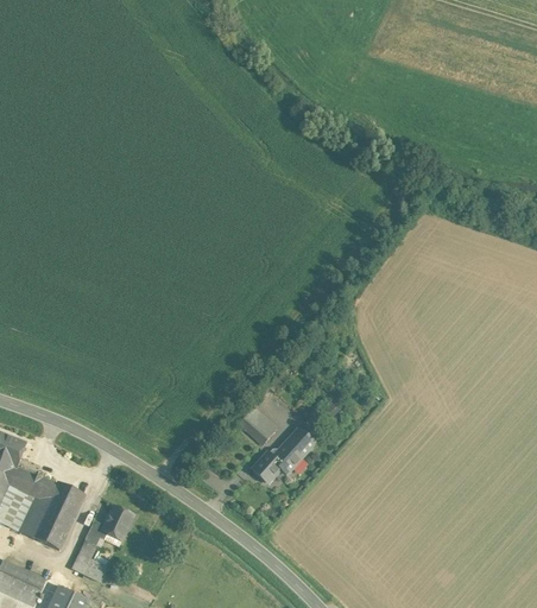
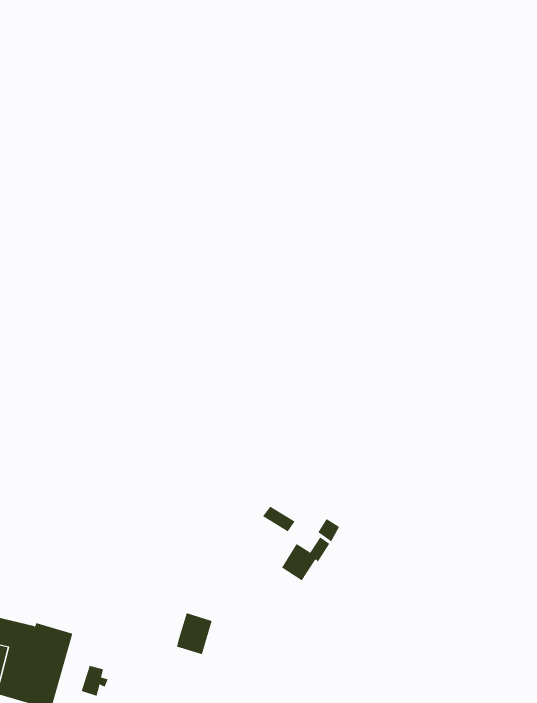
building: [102,506,133,540] -> [176,613,212,655]

